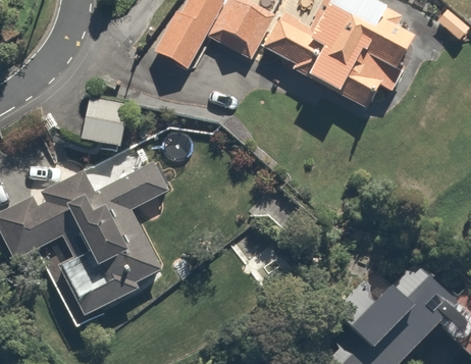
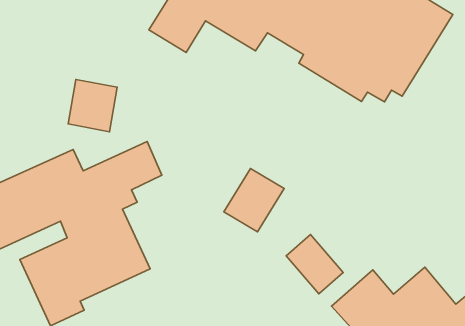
building: none -> [224,168,284,232]
building: none -> [286,235,343,294]

